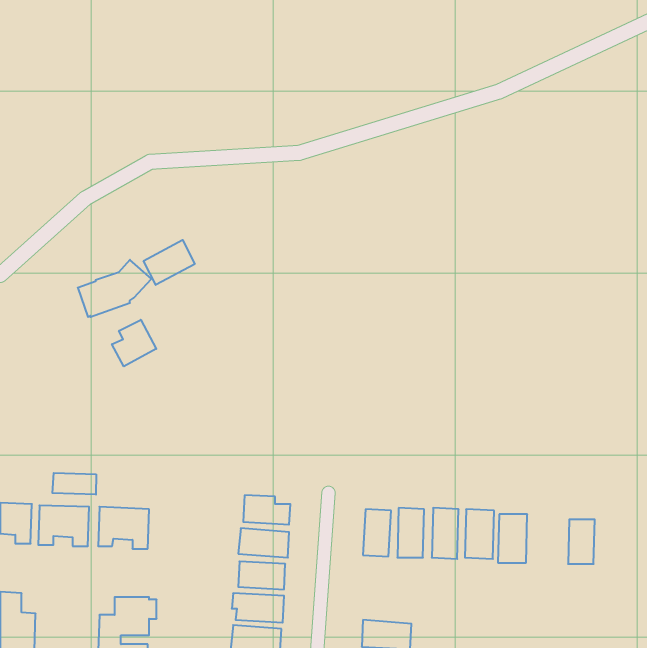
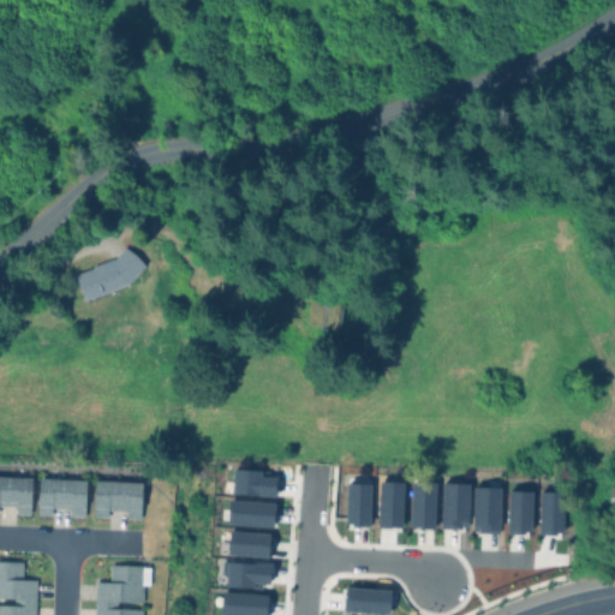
building: [144,240,195,285] -> none
building: [112,320,156,366] -> none
building: [52,473,96,495] -> none
building: none -> [508,491,533,536]

